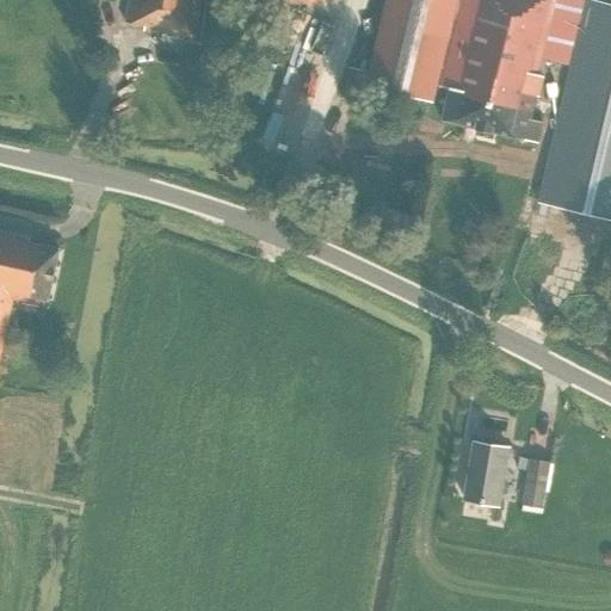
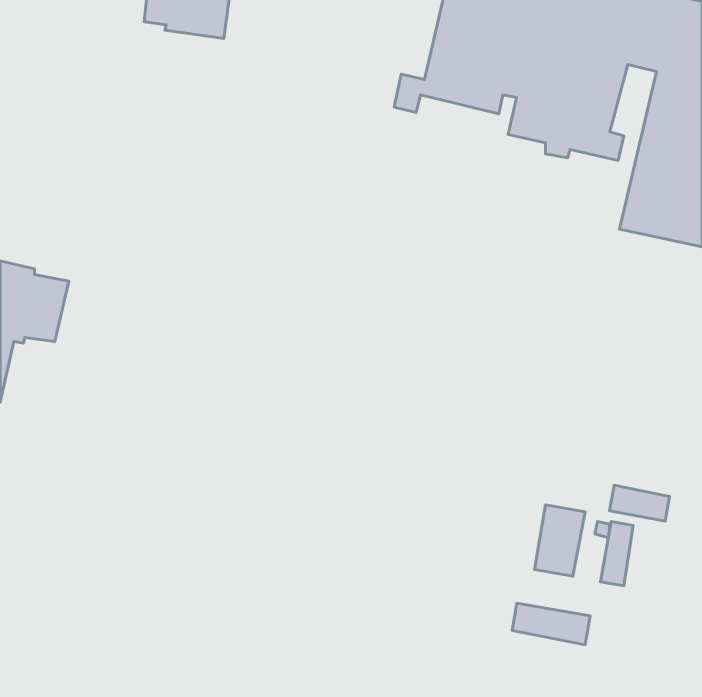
building: none -> [609,485,670,521]
building: none -> [512,603,590,645]

